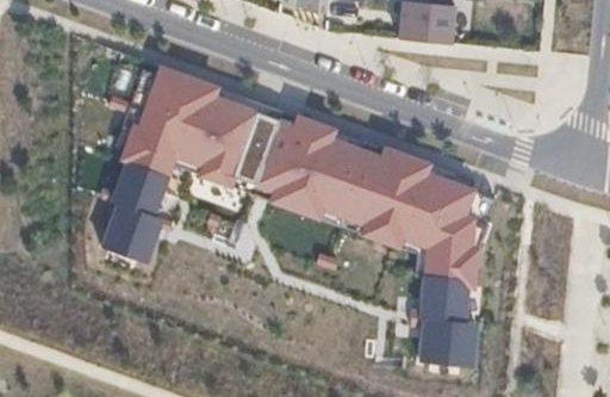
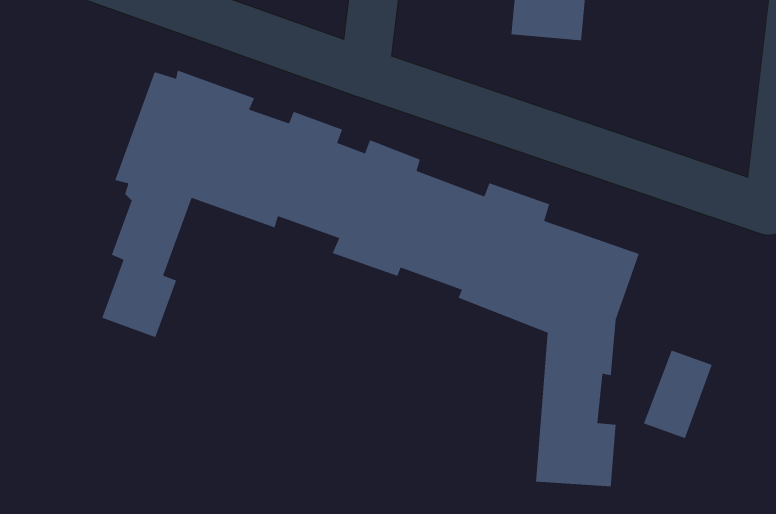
building: none -> [643,350,713,439]

